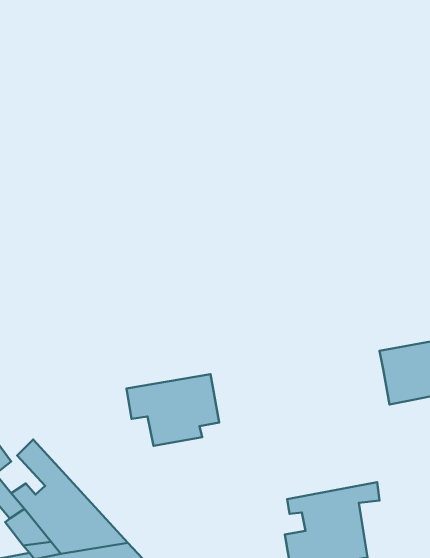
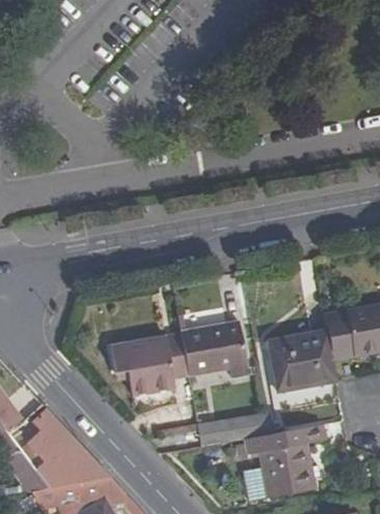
building: none -> [180,323,247,377]
building: none -> [267,330,336,392]
building: none -> [196,415,272,448]

